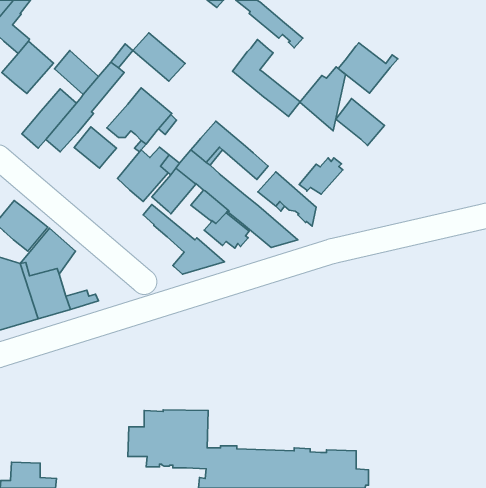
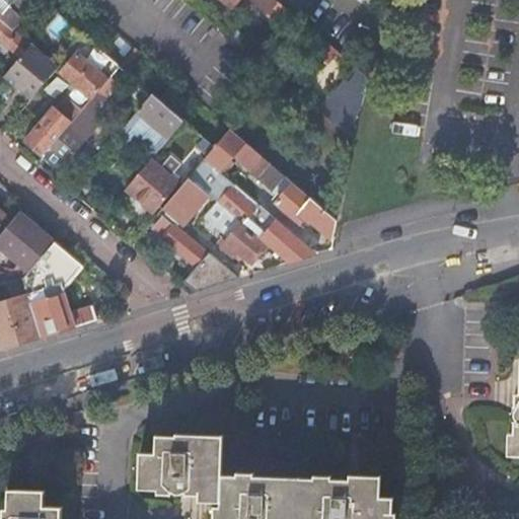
building: [133,33,185,81] -> none
building: [232,40,300,116] -> none
building: [338,43,398,93] -> none
building: [336,99,384,145] -> none
building: [74,127,116,168] -> none
building: [299,158,343,194] -> none

